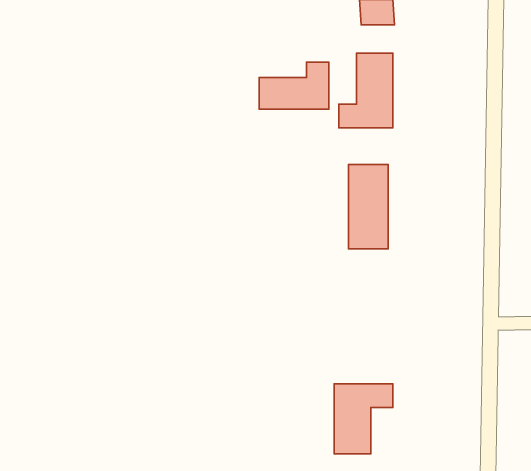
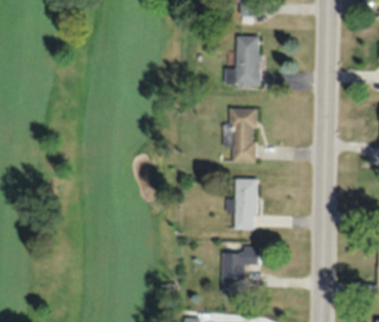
building: [259,62,329,109] -> none
building: none -> [228,178,257,230]

